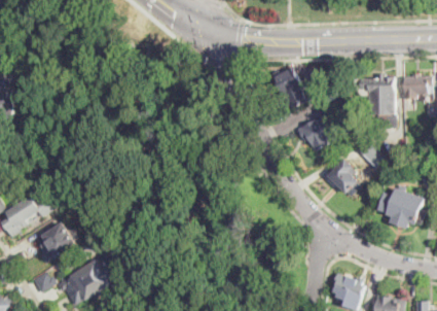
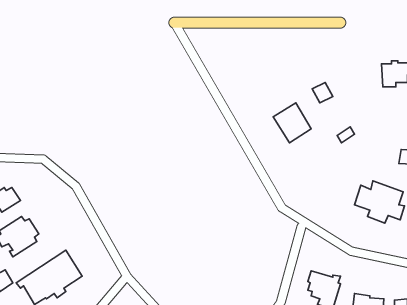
building: [270,65,307,110] -> none
building: [352,77,394,130] -> none
building: [327,159,359,197] -> none

